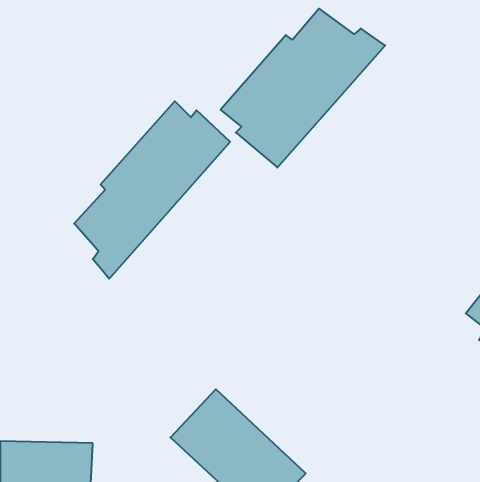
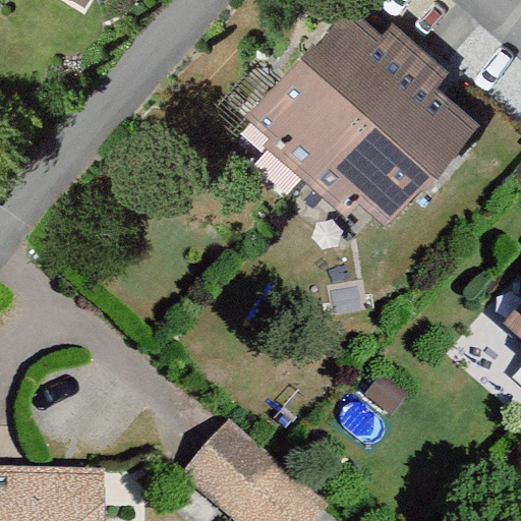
building: none -> [302,51,474,230]
building: [74,101,230,279] -> none

